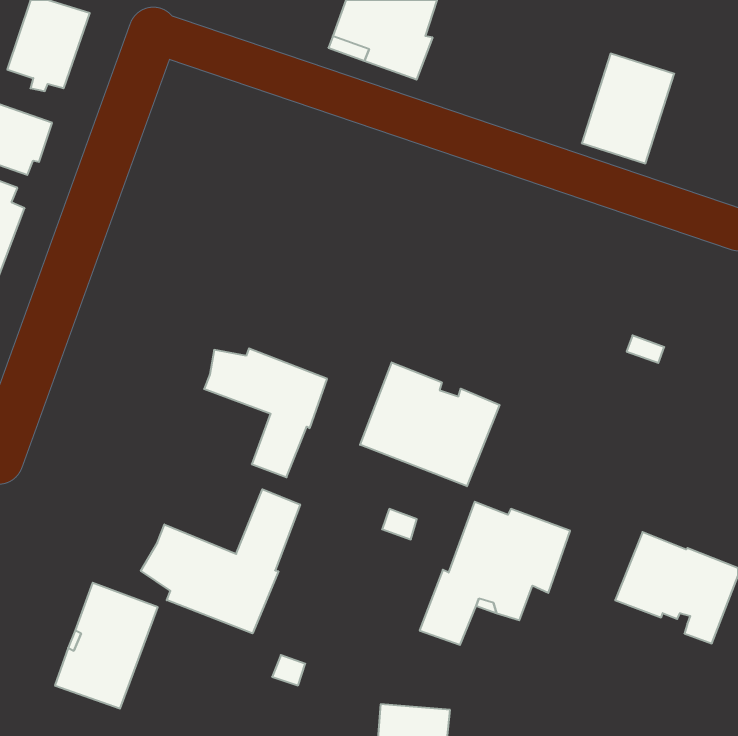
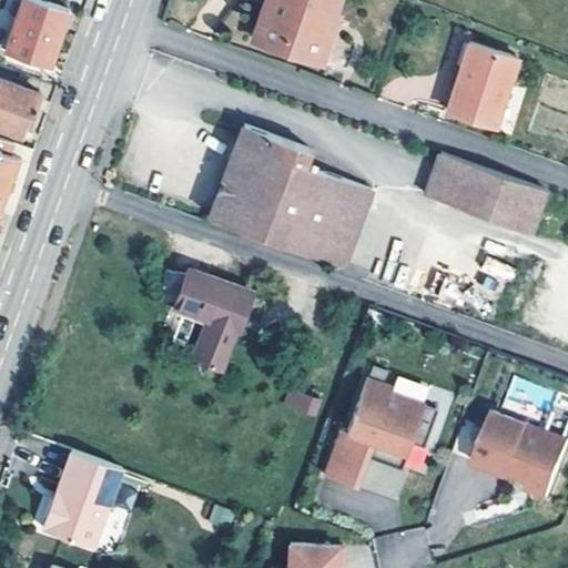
building: none -> [209,124,371,267]
building: none -> [425,153,545,232]
building: [360,362,500,486] -> none
building: [141,489,300,633] -> none

